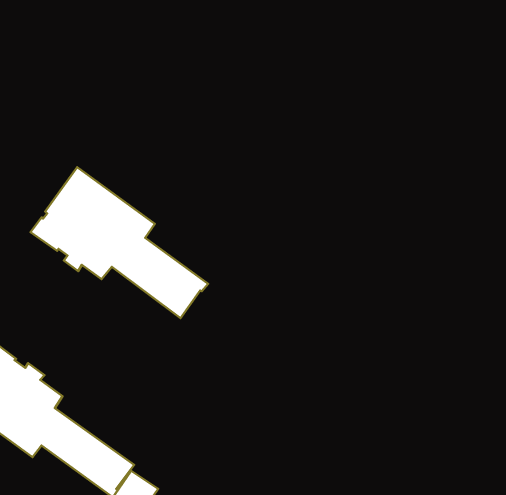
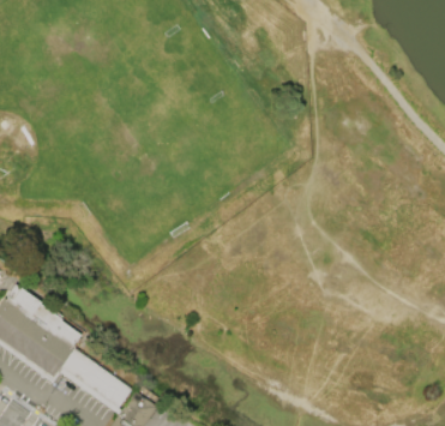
building: [30,167,208,318] -> none

